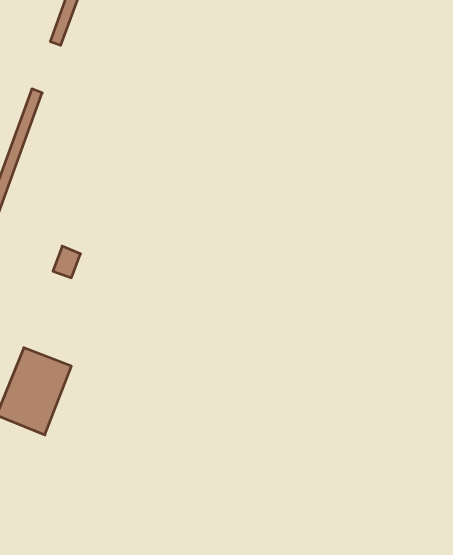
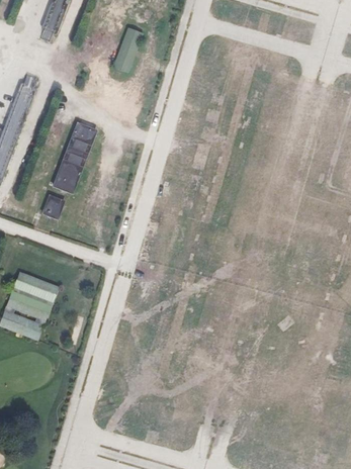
building: none -> [113,26,145,73]
building: none -> [53,122,96,192]

